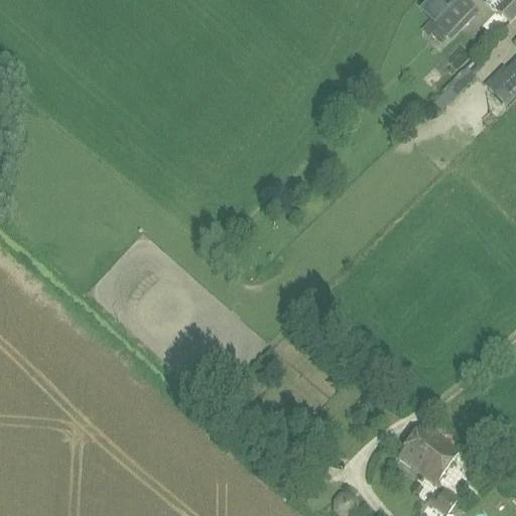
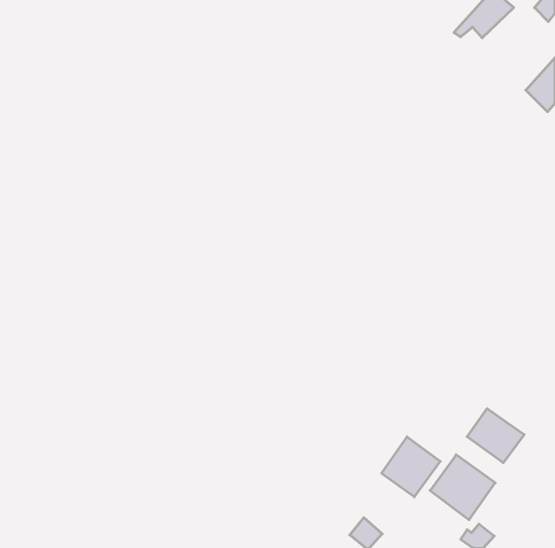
building: none -> [467,409,524,463]
building: none -> [382,437,440,497]

